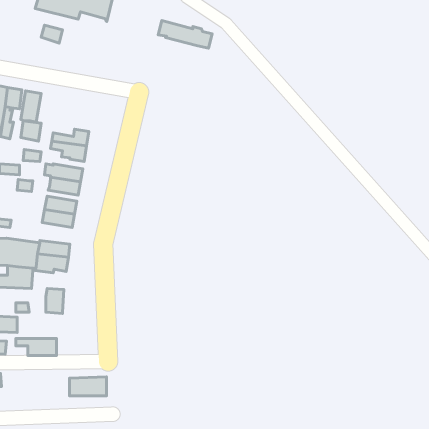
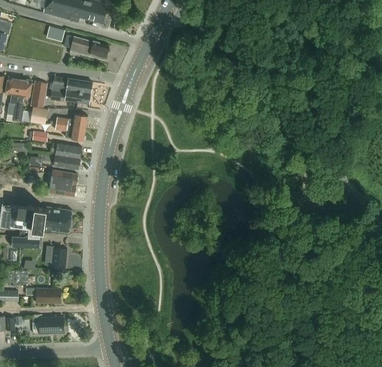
building: [158,21,212,48] -> [63,35,108,58]
building: none -> [50,76,92,104]
building: [69,377,107,396] -> [32,317,63,333]

